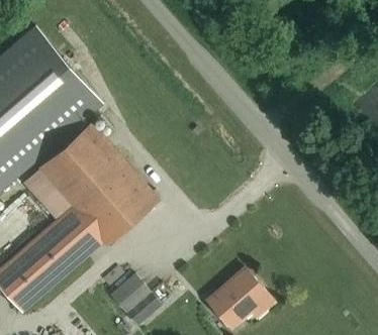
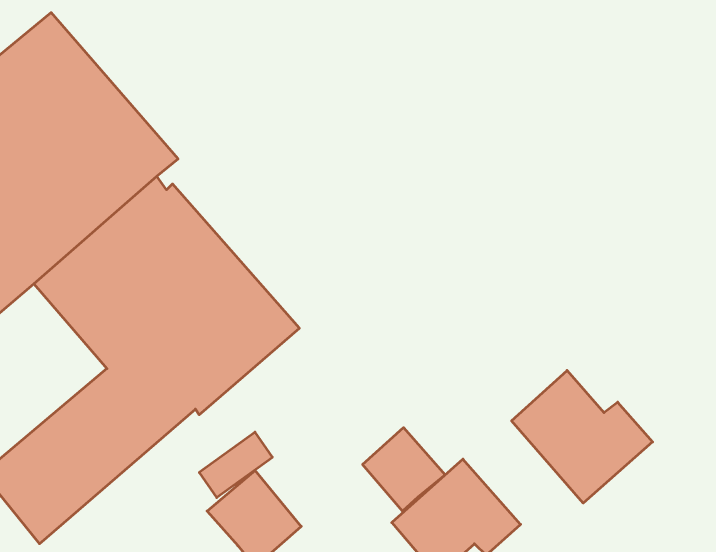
building: none -> [512,370,653,503]
building: none -> [363,428,445,511]

